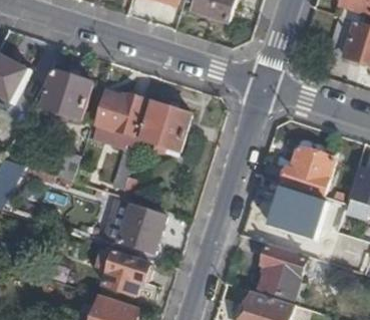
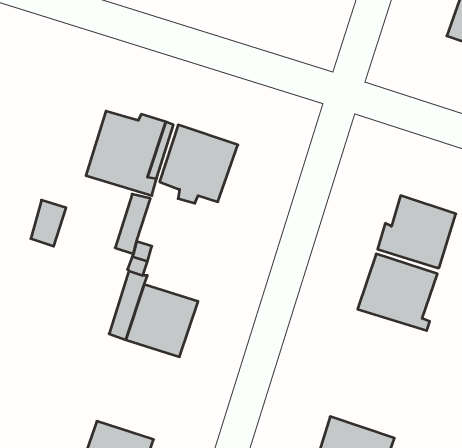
building: [40,72,91,122] -> none
building: [260,247,306,301] -> none
building: [96,251,150,297] -> none

